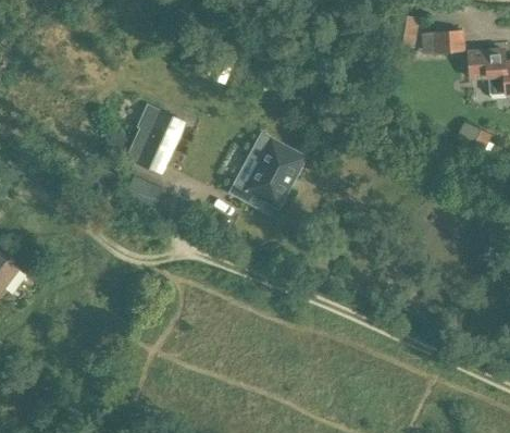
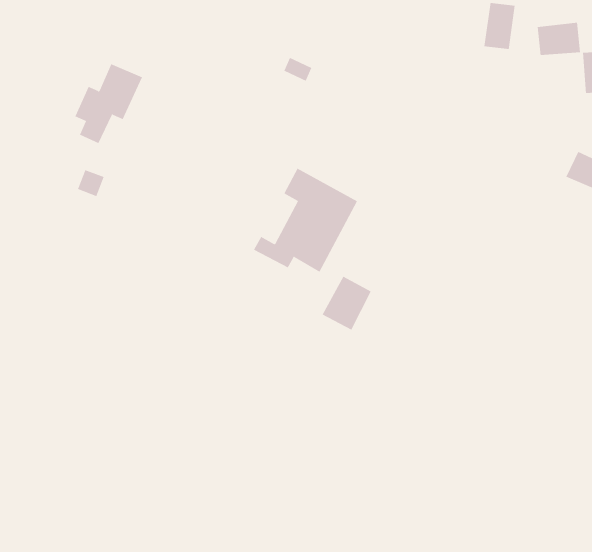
building: [133,111,182,169] -> [74,64,143,144]
building: none -> [322,276,371,331]

